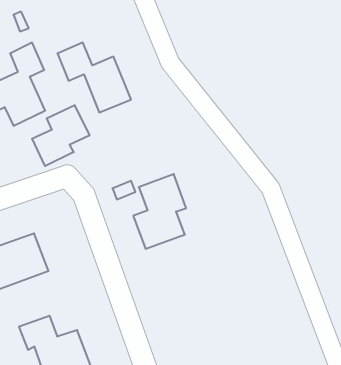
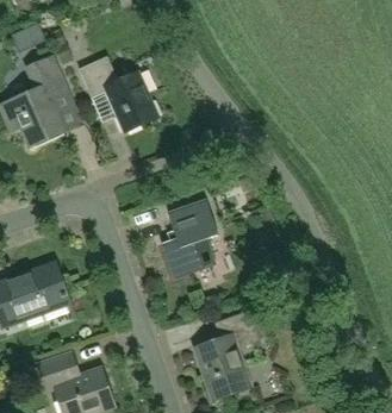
building: [32,105,89,166] -> none
building: none -> [195,308,260,396]

